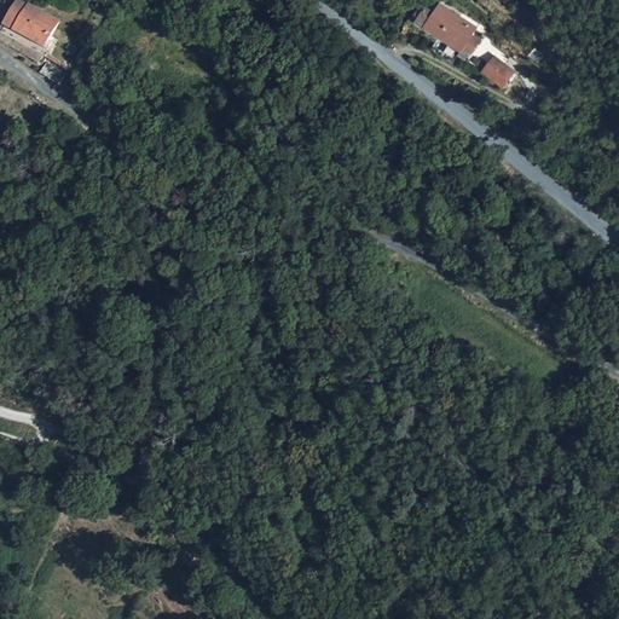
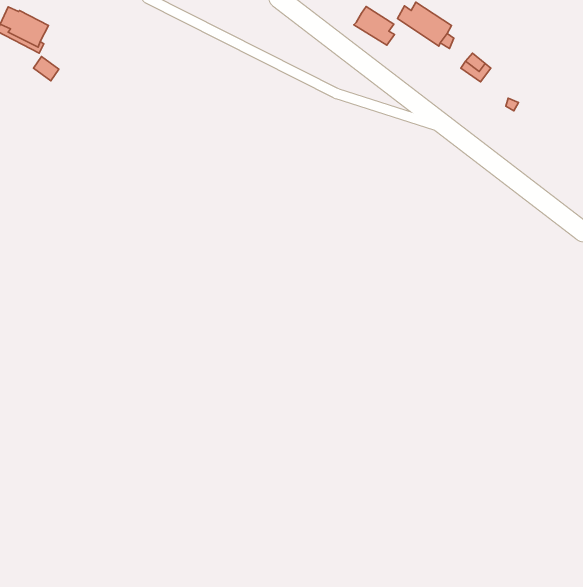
building: none -> [354,6,394,45]

